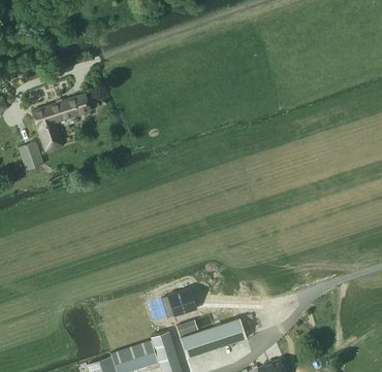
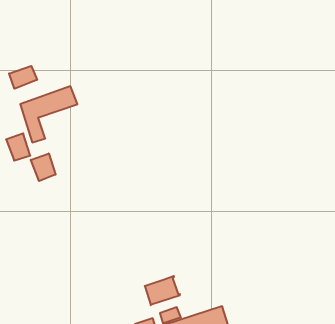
building: none -> [9,66,37,89]
building: none -> [31,153,56,181]

